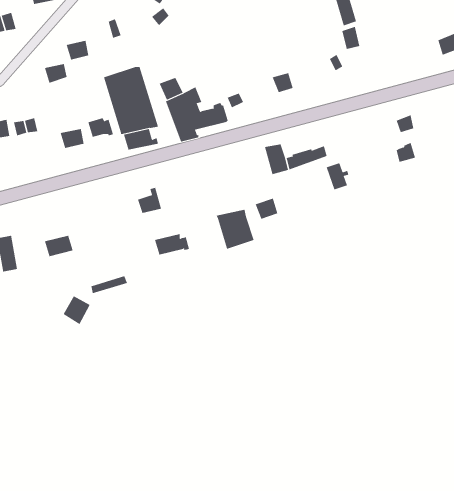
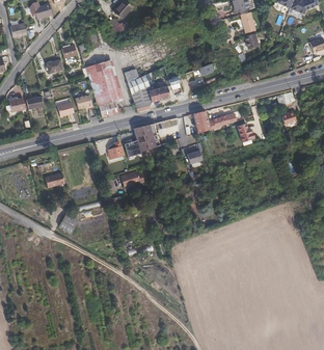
building: [216,209,254,249] -> [133,124,159,151]

